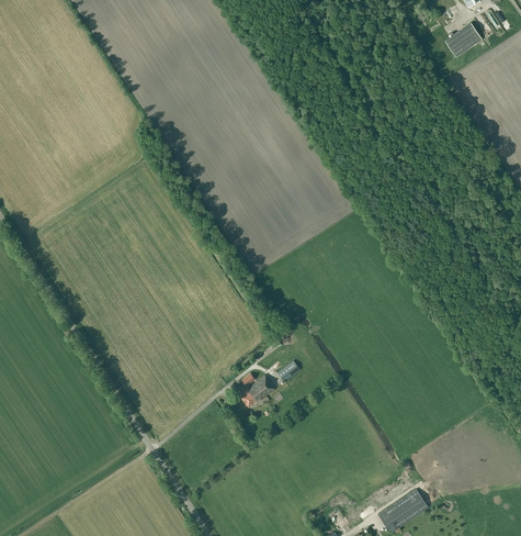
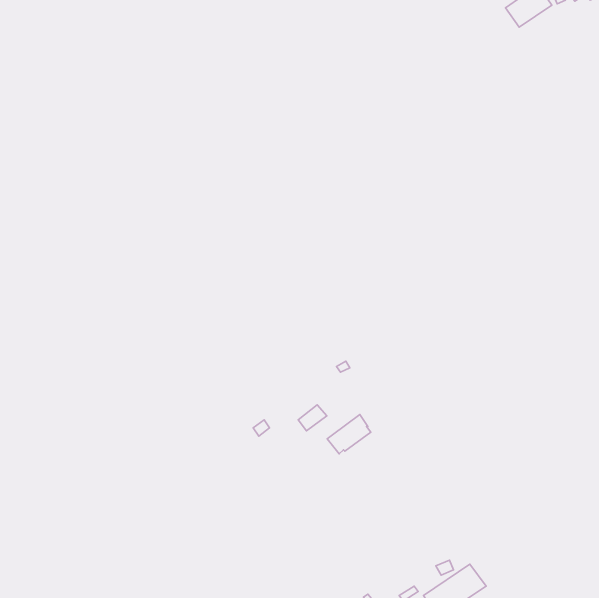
building: [239,373,274,405] -> [327,414,371,454]

